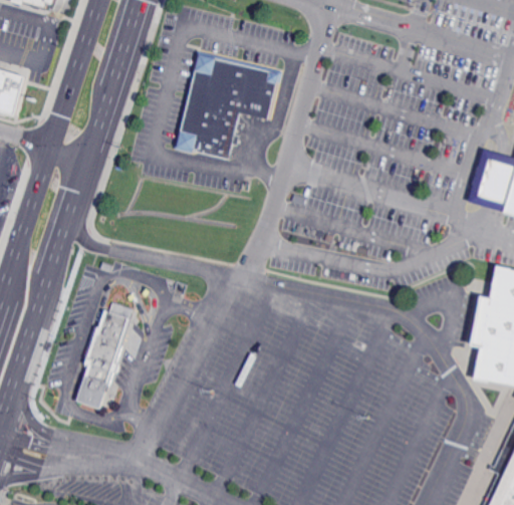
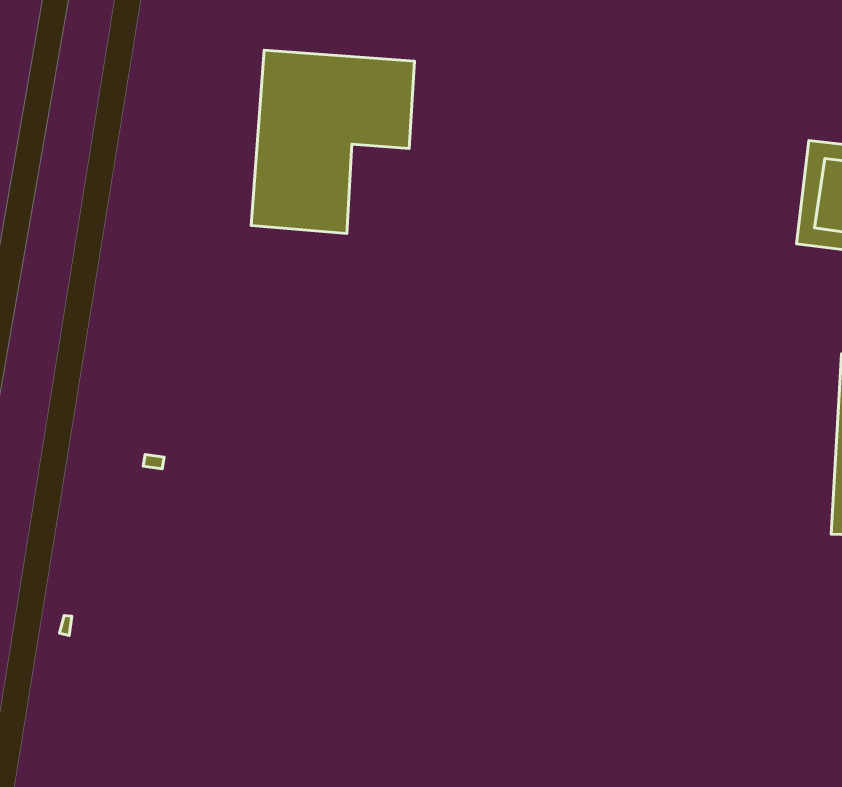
building: [79,303,135,409] -> none

